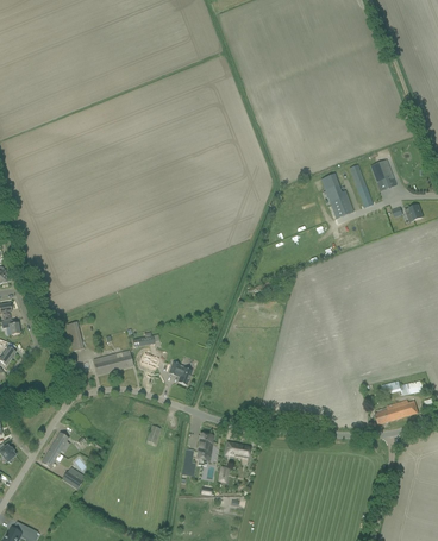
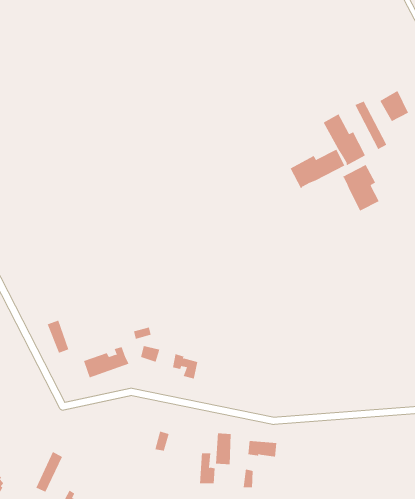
building: none -> [290,149,345,189]
building: none -> [342,164,380,211]

